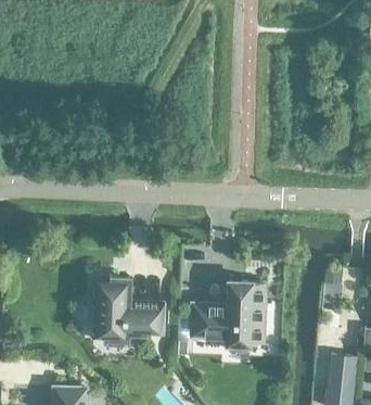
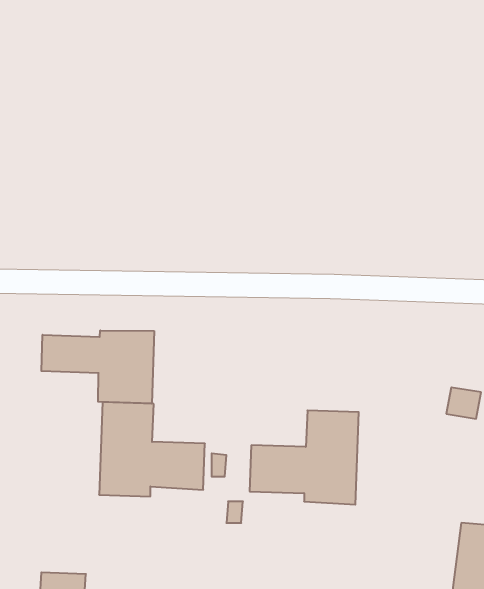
building: none -> [41,330,154,404]

